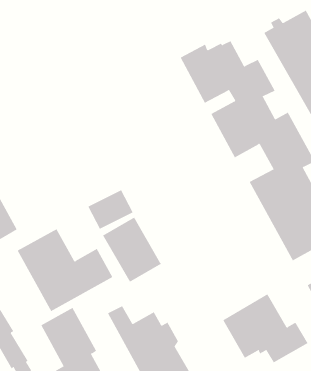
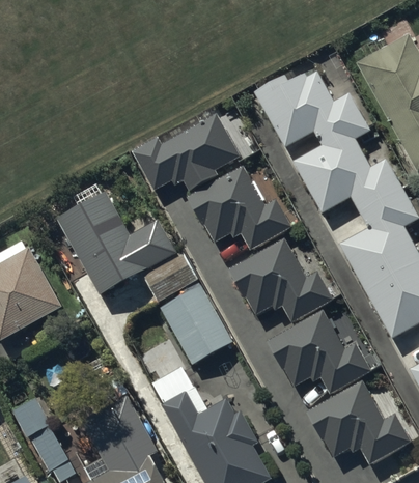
building: none -> [134,116,241,191]
building: none -> [188,167,294,250]
building: none -> [229,238,334,323]
building: [17,228,113,312] -> [58,193,175,294]
building: none -> [268,310,373,394]

